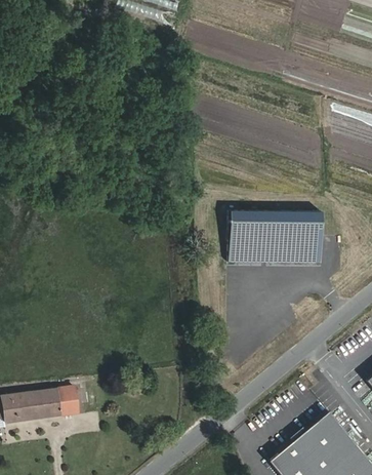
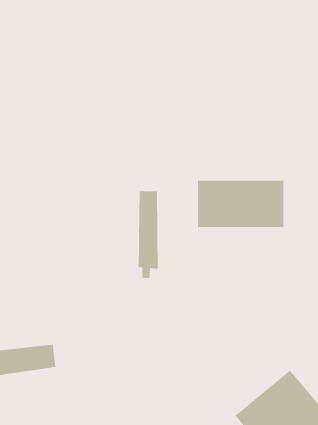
building: none -> [138,191,158,279]

